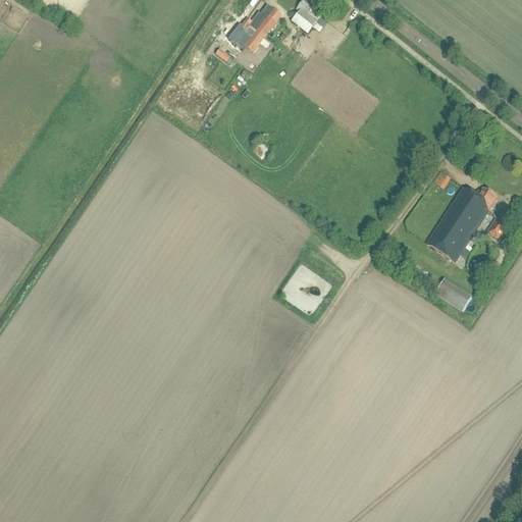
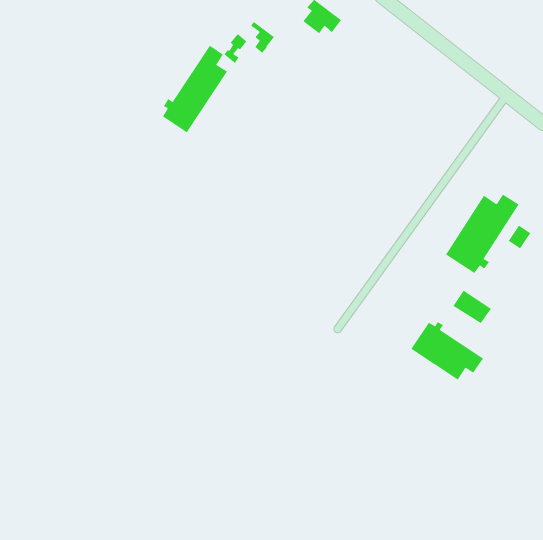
building: [243,5,279,36] -> none
building: none -> [162,45,228,133]
building: none -> [411,321,484,380]

